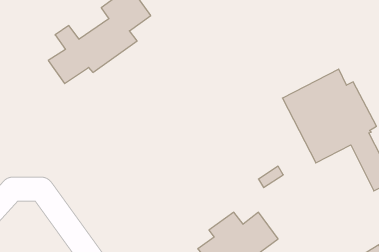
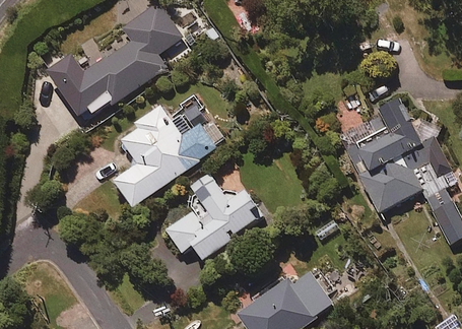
building: none -> [115,107,216,208]
building: none -> [164,171,265,262]

